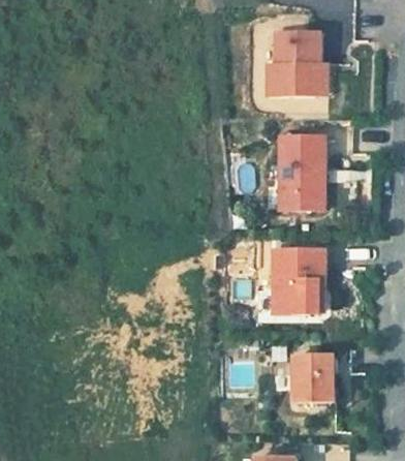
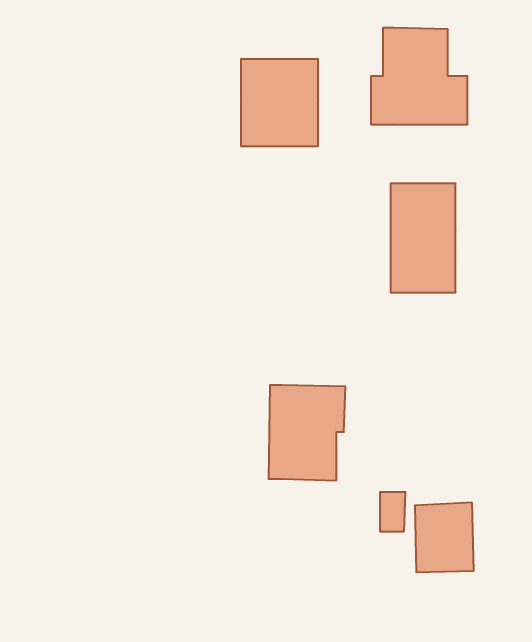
building: none -> [241,59,318,146]
building: [272,248,324,313] -> [268,385,345,480]

